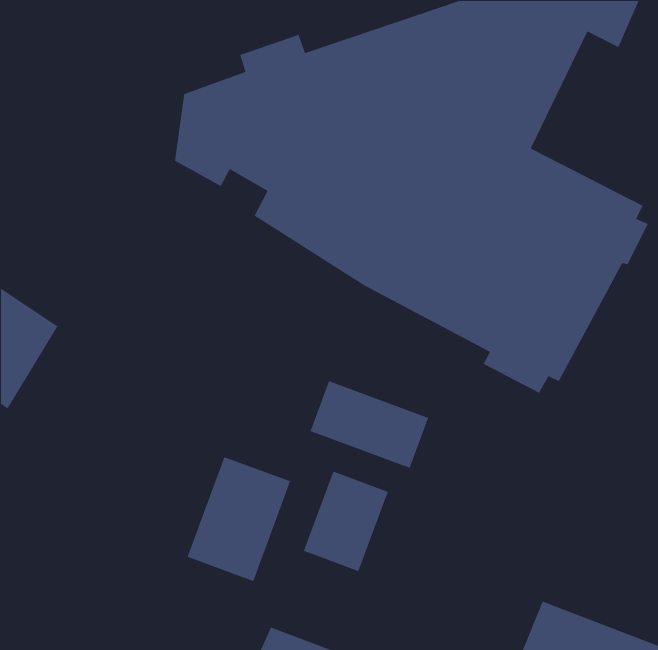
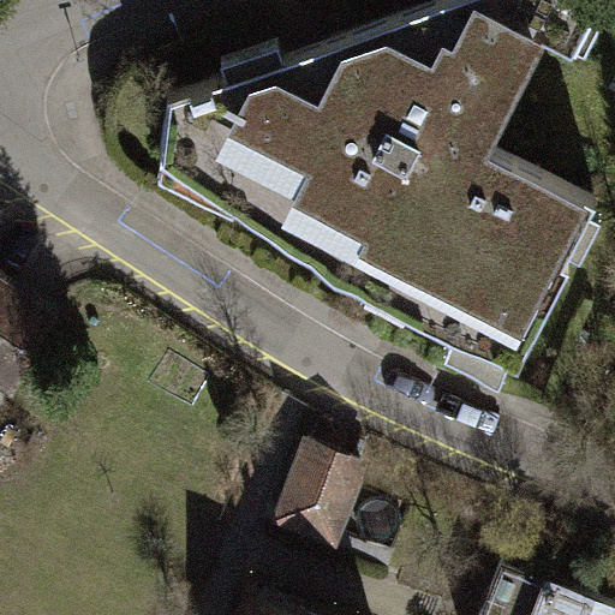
building: [309,380,429,469] -> none
building: [186,456,291,582] -> none

